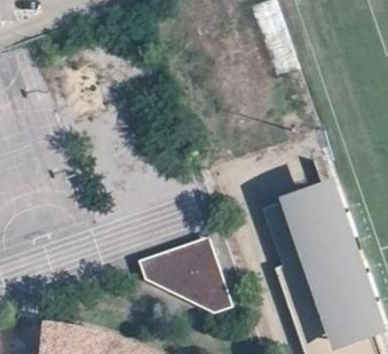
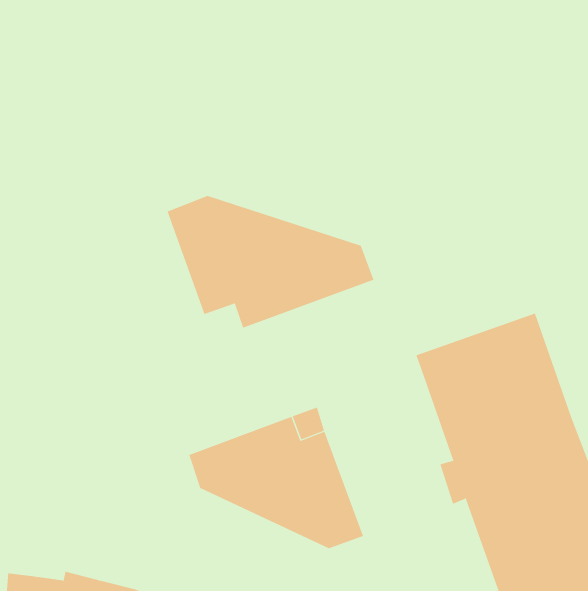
building: none -> [167,195,374,328]

